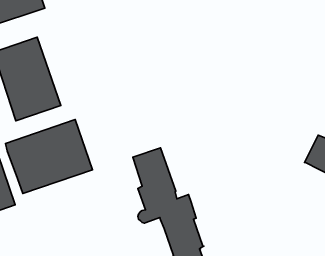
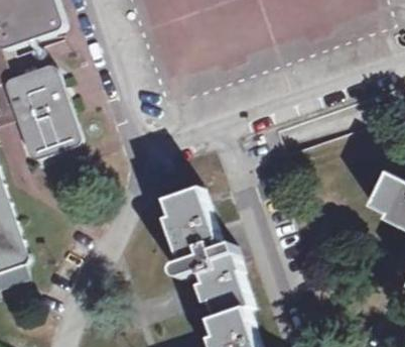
building: [6,120,92,194] -> none

